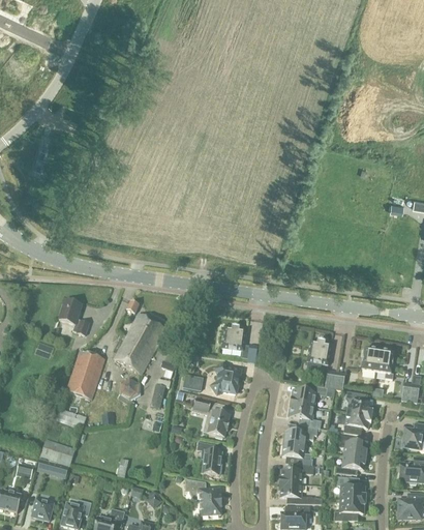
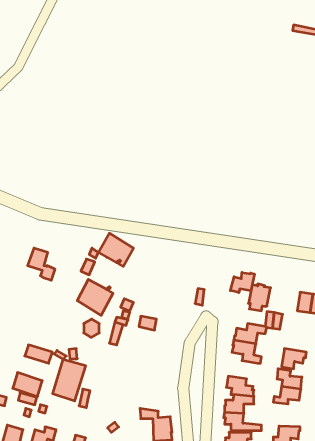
building: [127,312,166,349] -> [98,233,133,266]
building: [222,325,246,350] -> none
building: none -> [230,272,254,293]
building: [68,350,105,396] -> [53,359,86,401]
building: [213,363,241,392] -> none
building: [345,390,373,415] -> none
building: [193,398,230,437] -> none
building: [284,422,317,445] -> none
building: [198,441,222,473] -> none
building: [336,475,365,499] -> none

